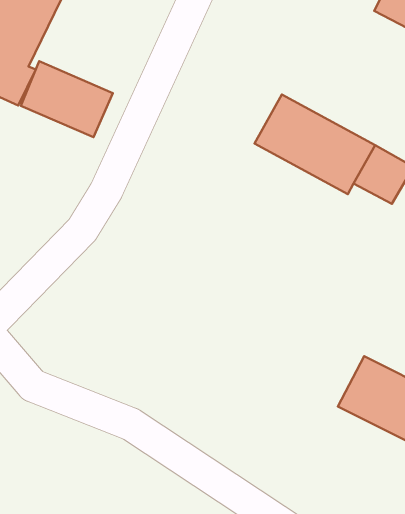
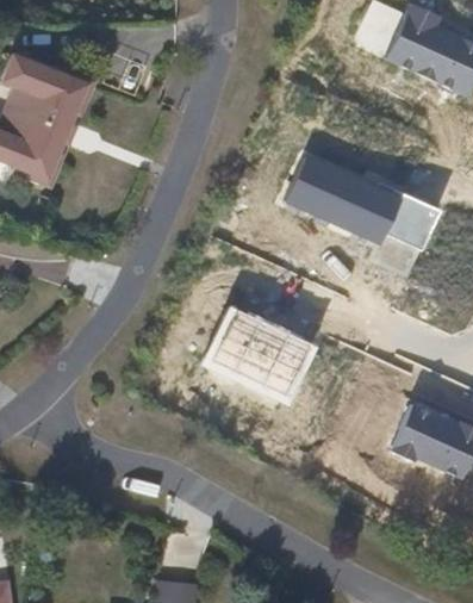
building: [21,61,113,137] -> none
building: none -> [207,307,318,402]

